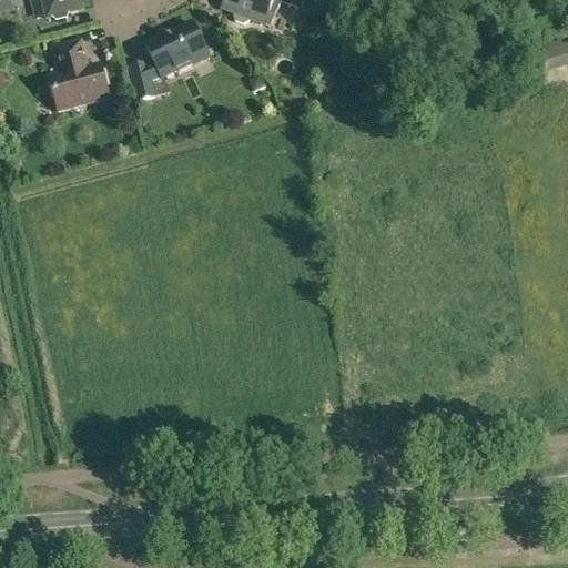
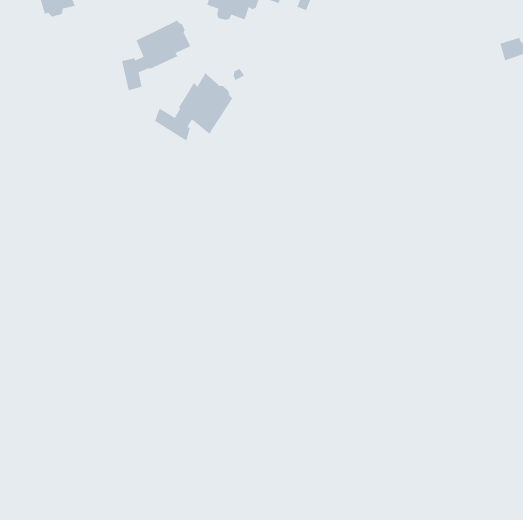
building: [51,40,111,109] -> none
building: none -> [154,72,233,142]

